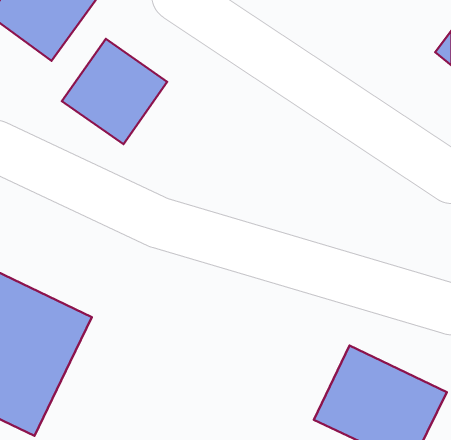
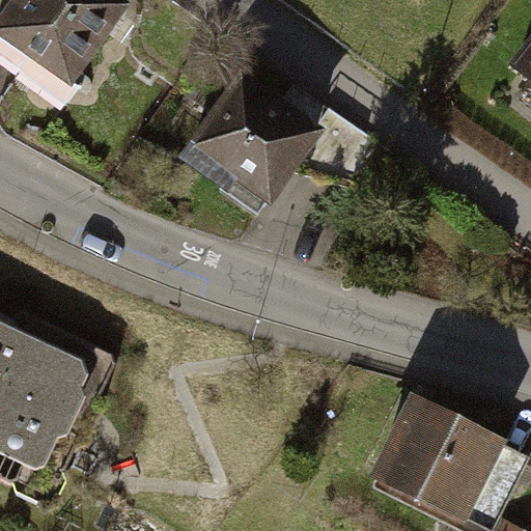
building: [62,39,167,144] -> [186,77,308,199]

